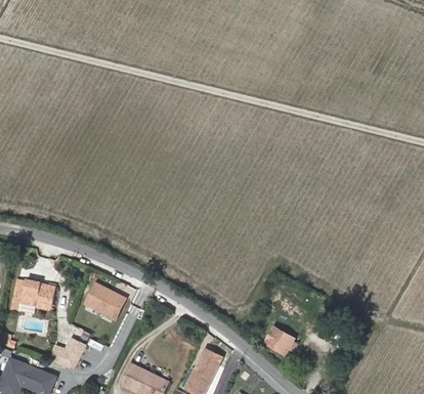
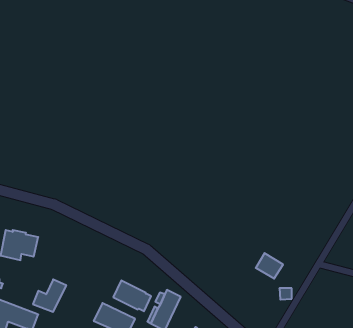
building: [86,283,130,319] -> [113,280,151,311]
building: [262,325,294,355] -> [256,253,283,279]

